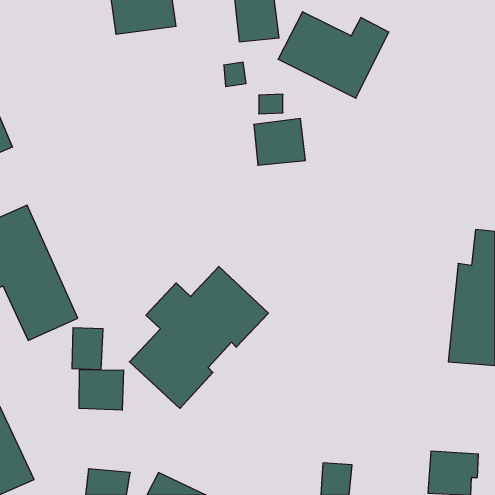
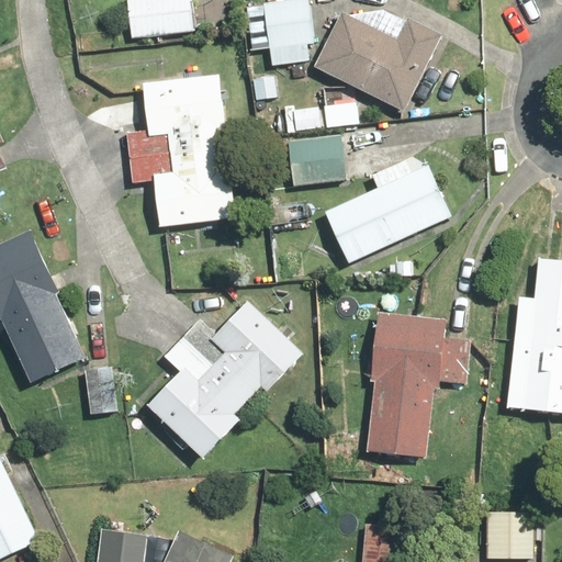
building: none -> [124,76,237,227]
building: none -> [324,151,450,265]
building: none -> [366,314,469,458]
building: [79,369,124,410] -> none

